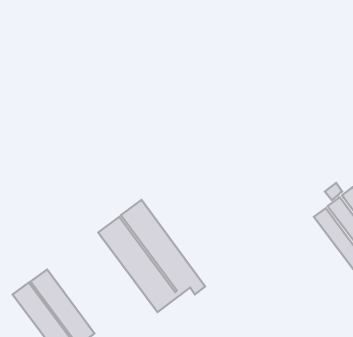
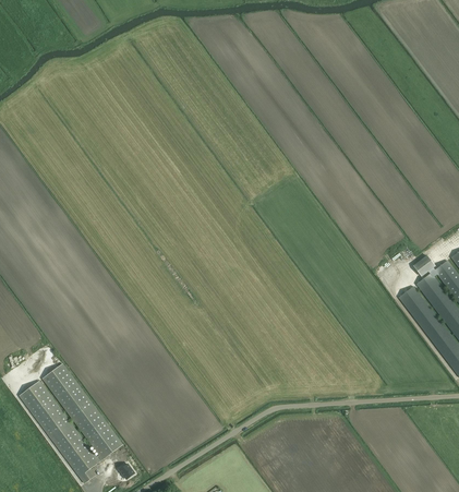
building: [98,200,205,312] -> none

